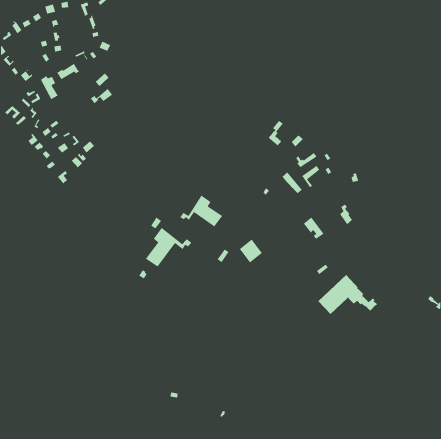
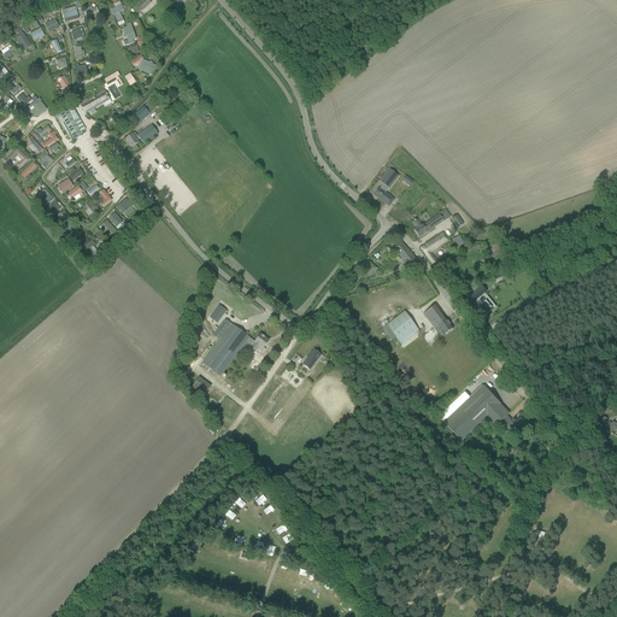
building: [179,194,223,227] -> none
building: [239,239,263,264] -> [386,308,419,343]

